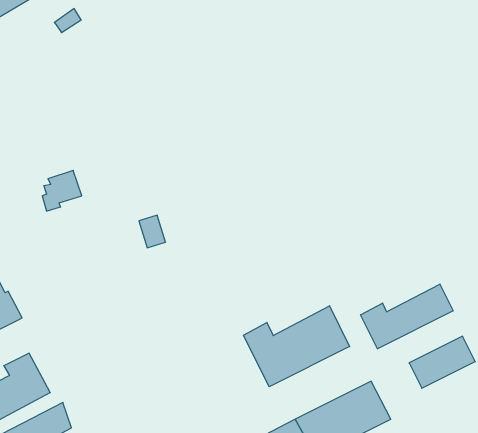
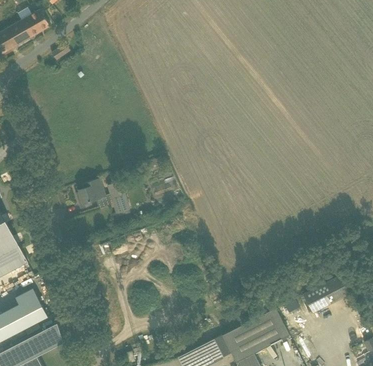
building: [42,170,82,211] -> [78,179,106,208]
building: [361,284,453,349] -> none
building: [244,306,350,387] -> none

